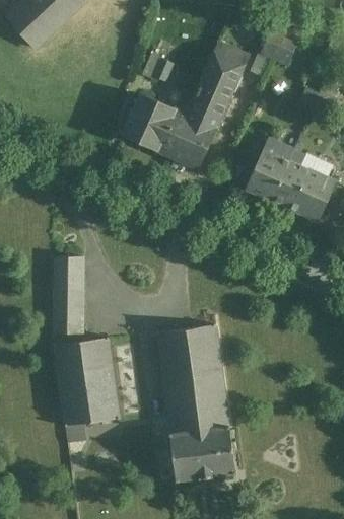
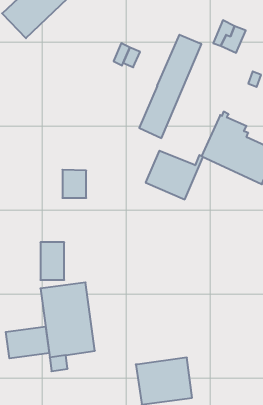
building: [125,96,193,154] -> [146,151,203,199]
building: [54,256,82,290] -> [62,170,86,198]
building: [156,325,228,435] -> none
building: none -> [6,326,49,358]

